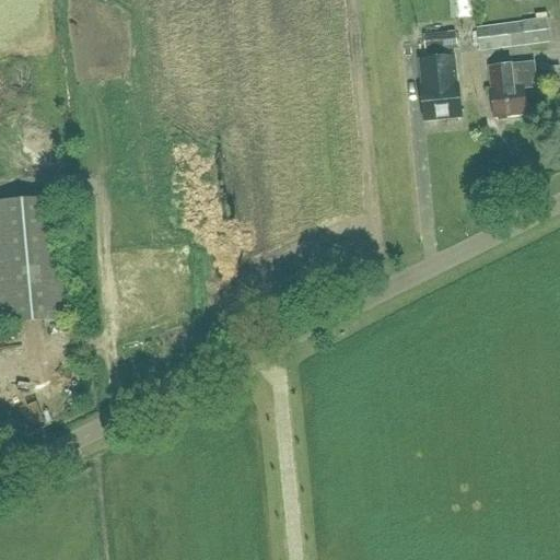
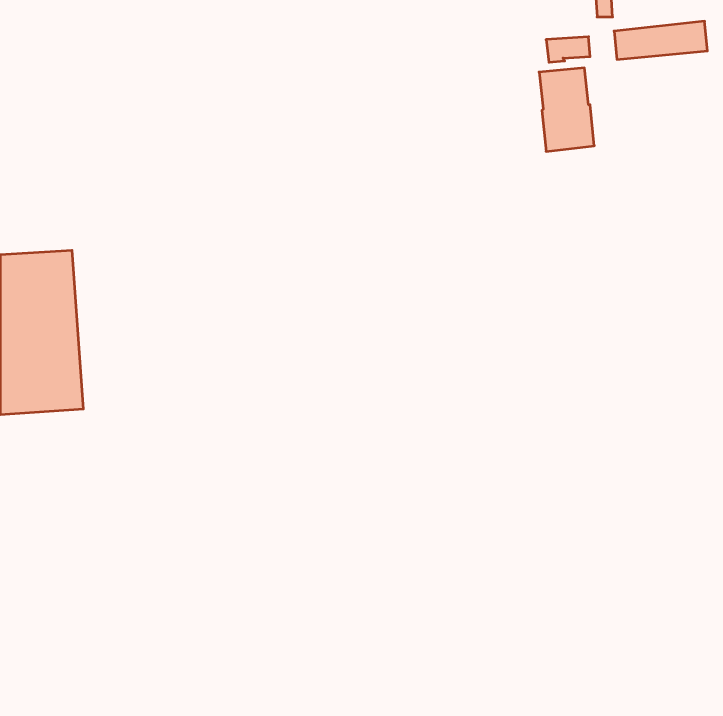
building: [487,59,536,115] -> none

